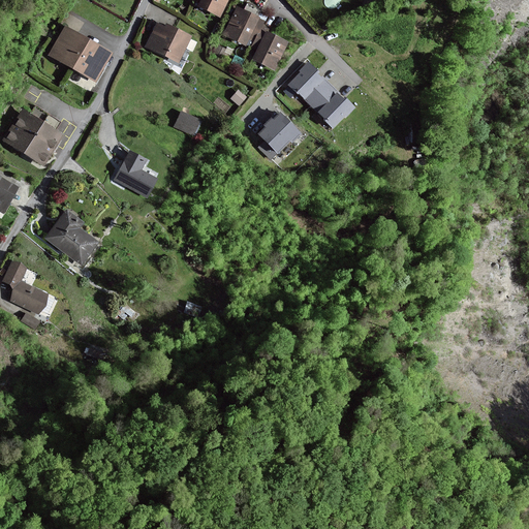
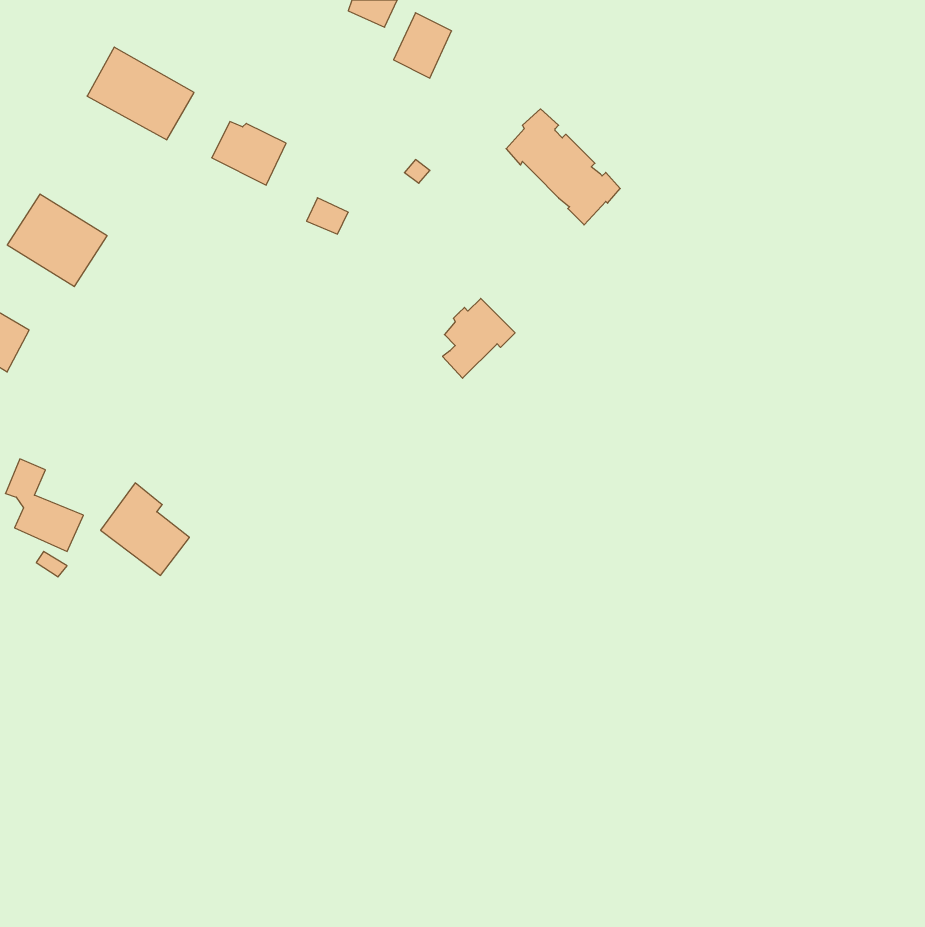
building: [147,25,189,61] -> [212,122,286,185]
building: [253,32,286,68] -> none
building: [258,114,300,159] -> [443,298,515,378]
building: [115,152,156,197] -> none
building: [46,211,97,263] -> [101,483,189,575]

